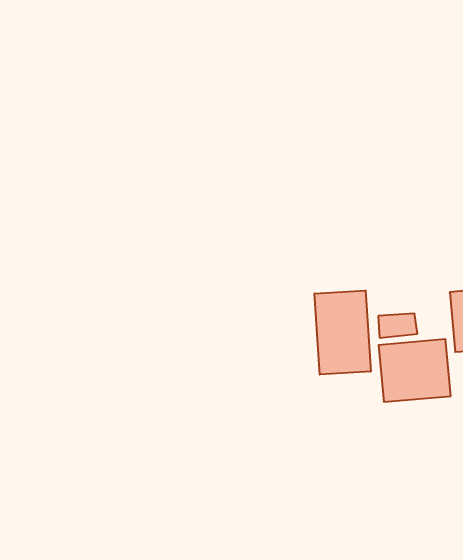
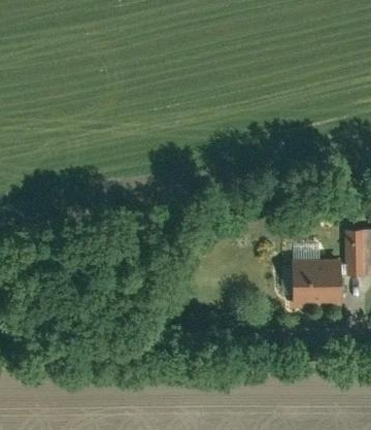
building: [315,290,371,375] -> none

